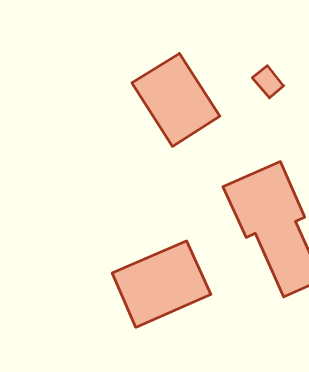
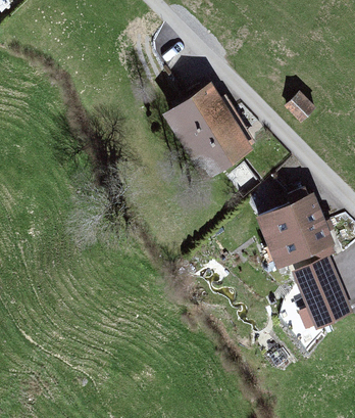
building: [112,241,211,327] -> none

